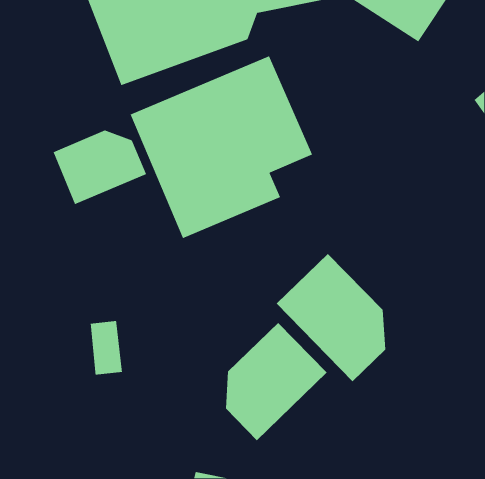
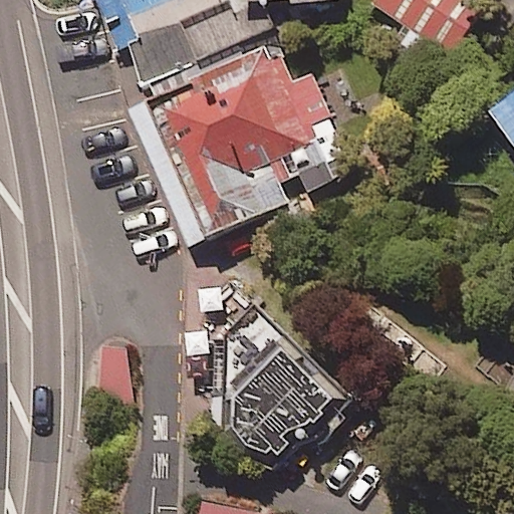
building: [52,129,147,205] -> none
building: [276,253,386,382] -> none

